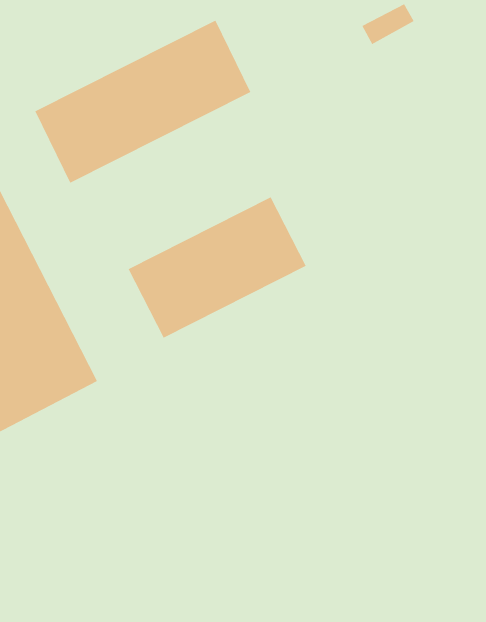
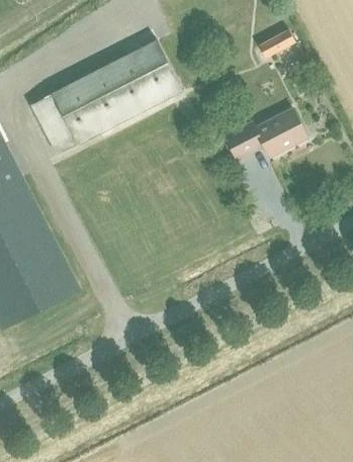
building: none -> [224,108,306,160]
building: [128,197,307,338] -> none

